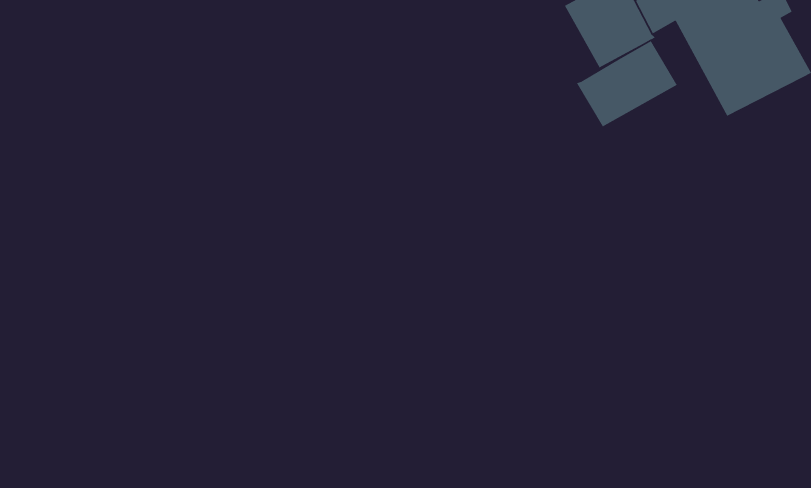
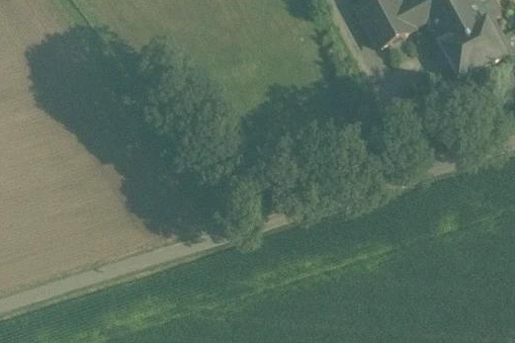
building: [576,40,678,128] -> none

